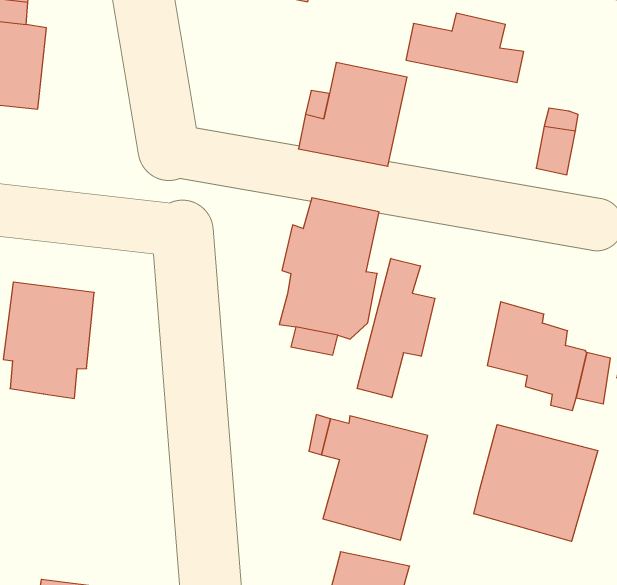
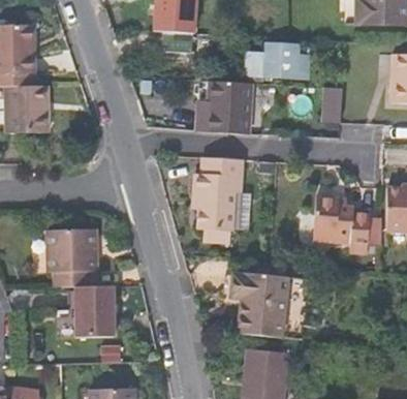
building: [357,258,435,398] -> none
building: none -> [73,286,115,339]
building: [474,425,598,541] -> none

